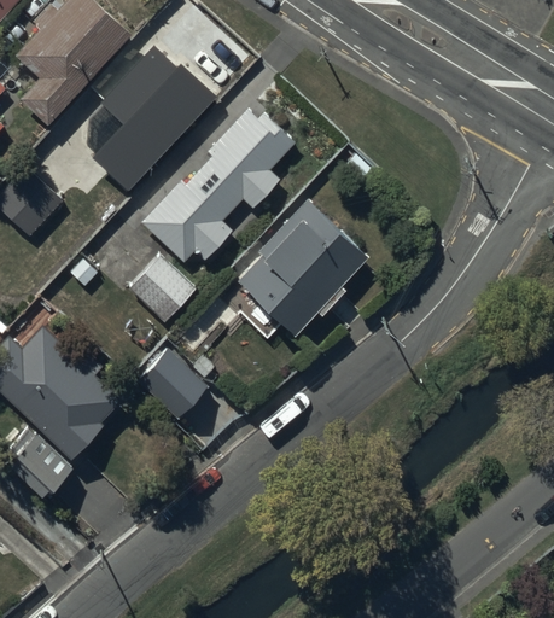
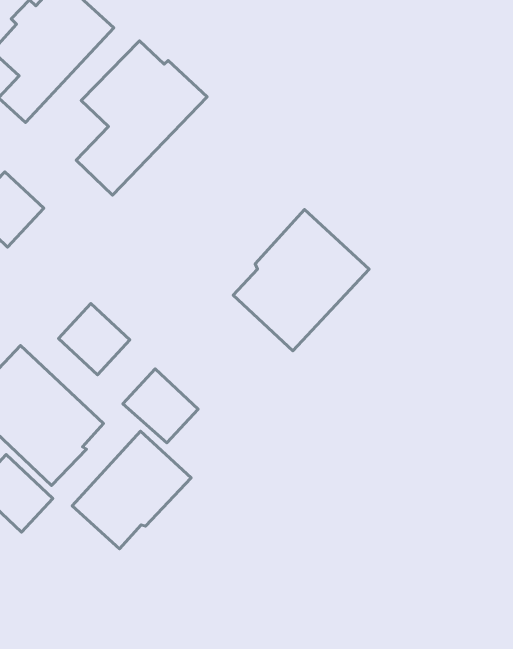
building: [140,110,296,266] -> none
building: [129,256,196,322] -> [59,304,130,375]
building: none -> [72,431,191,549]

